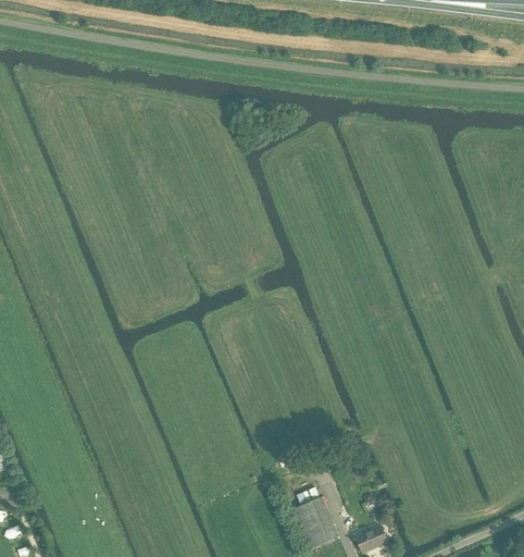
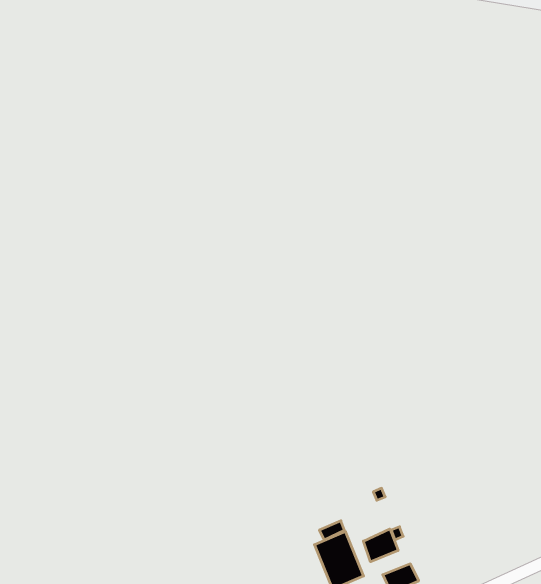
building: none -> [363,529,398,562]

